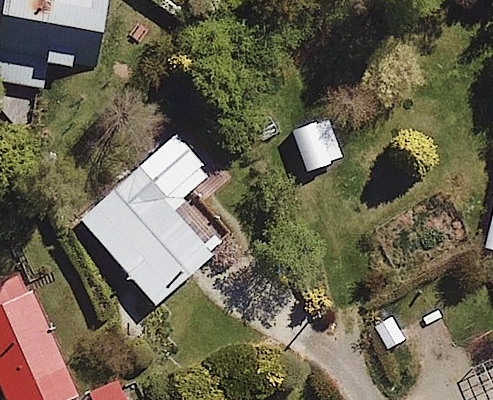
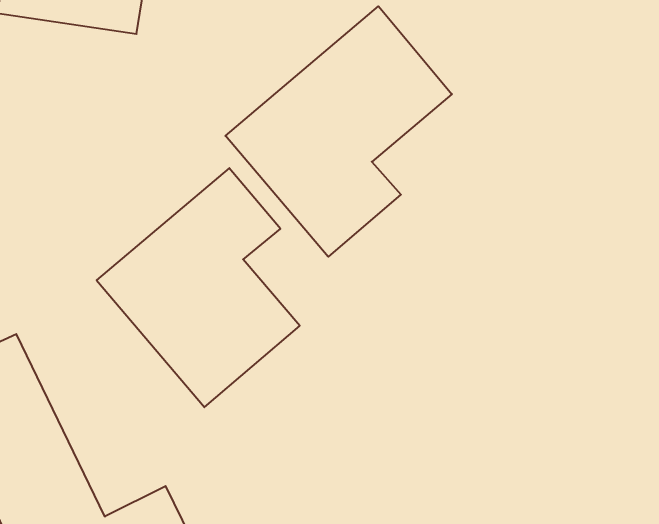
building: none -> [225,6,452,257]

